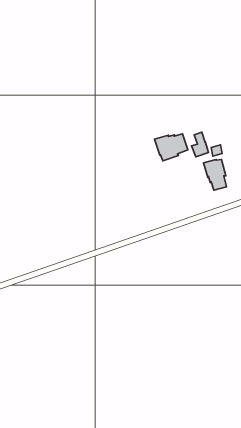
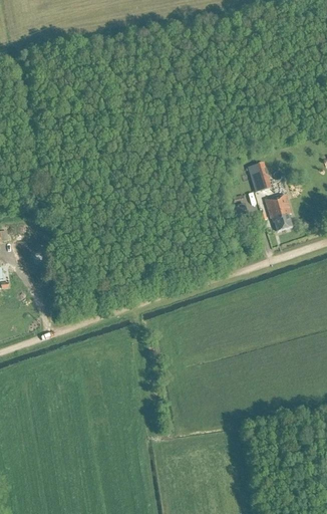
building: [154,134,188,161] -> none

